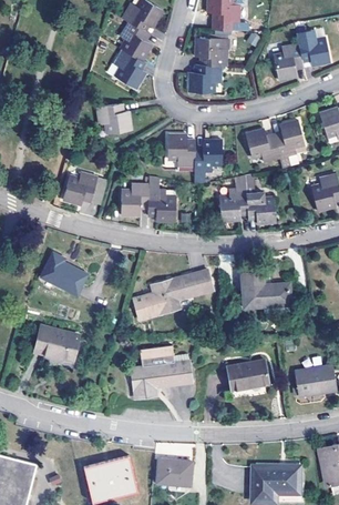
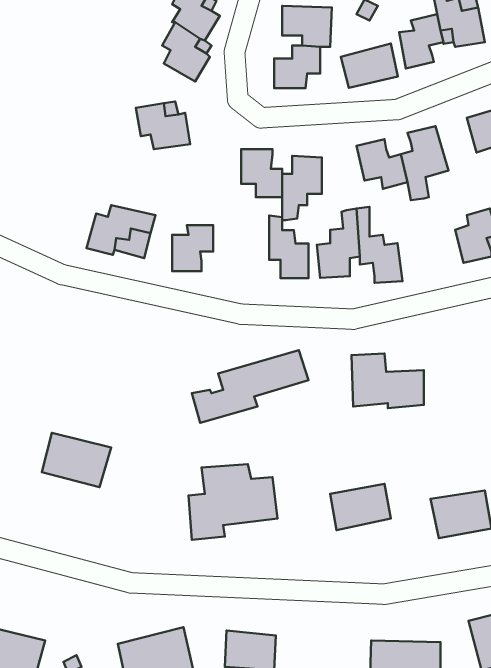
building: none -> [341,44,398,88]
building: [148,180,175,222] -> [269,215,309,278]
building: [40,253,88,296] -> none

